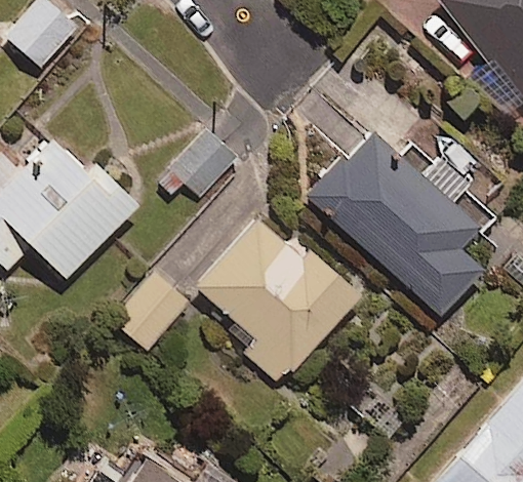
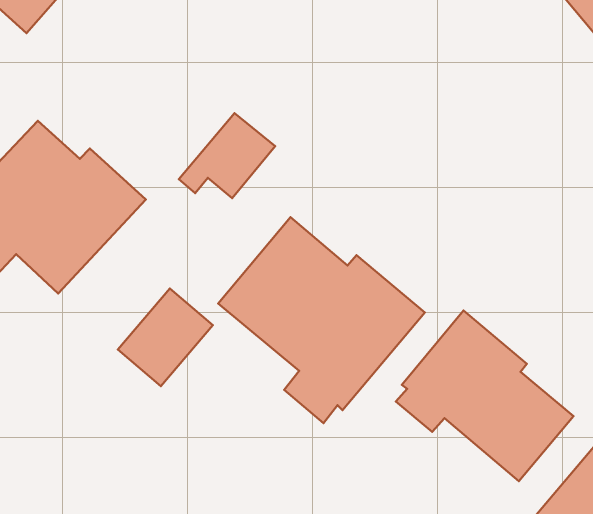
building: [304,130,483,315] -> none
building: none -> [396,310,573,481]

